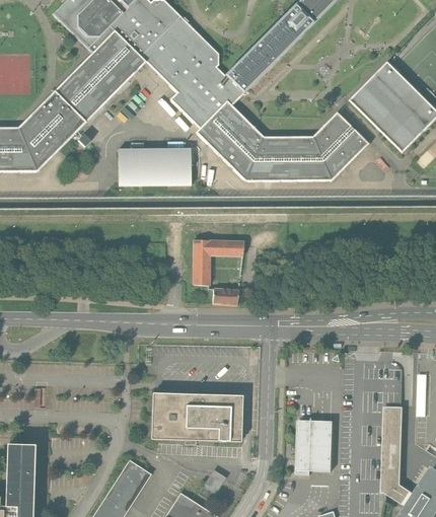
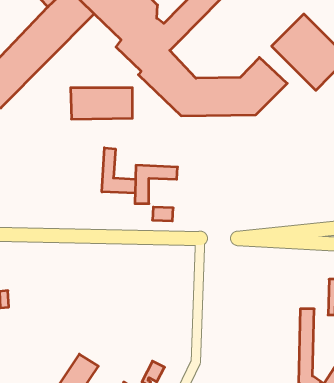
building: none -> [102,148,136,193]
building: [149,390,240,441] -> none
building: [300,420,333,469] -> none

